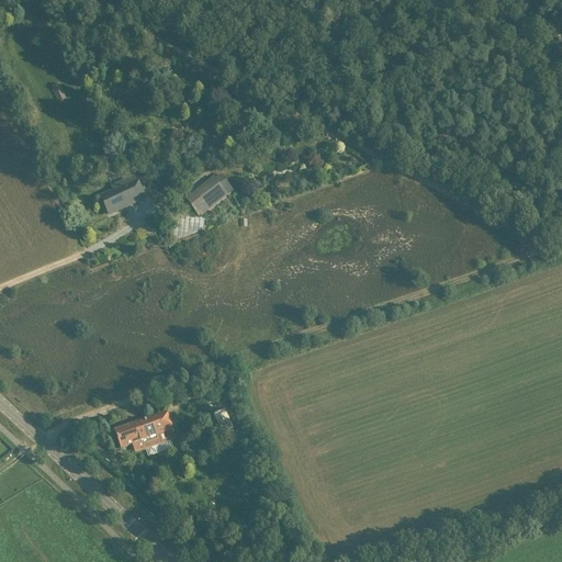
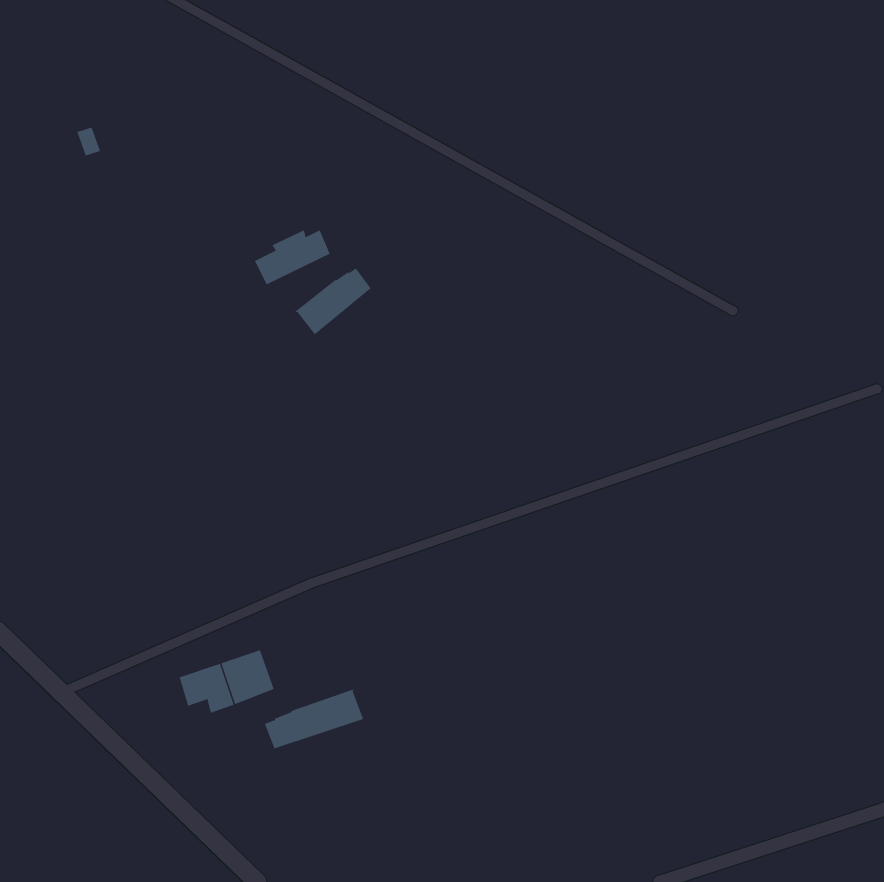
building: [101,176,149,211] -> [254,230,330,285]
building: none -> [264,688,364,749]

